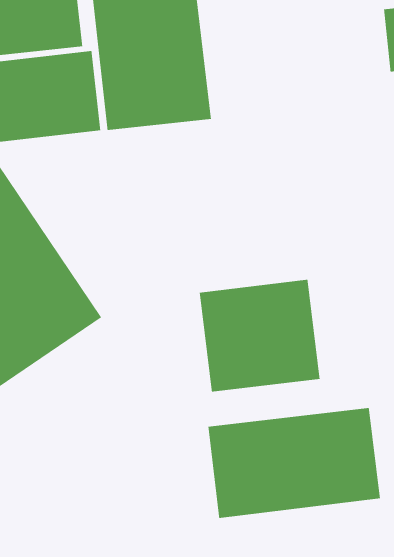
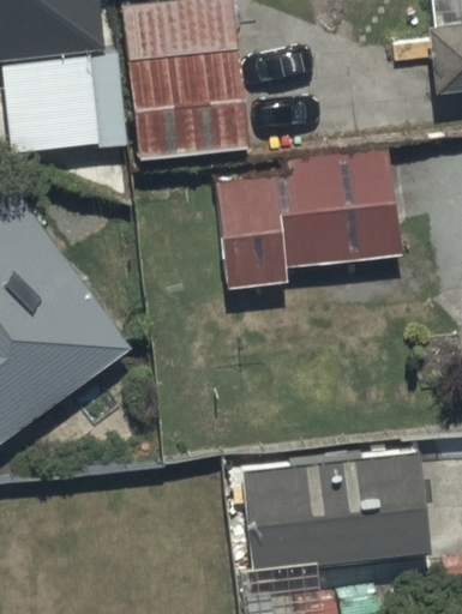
building: none -> [218,151,396,285]
building: [199,279,321,393] -> none

